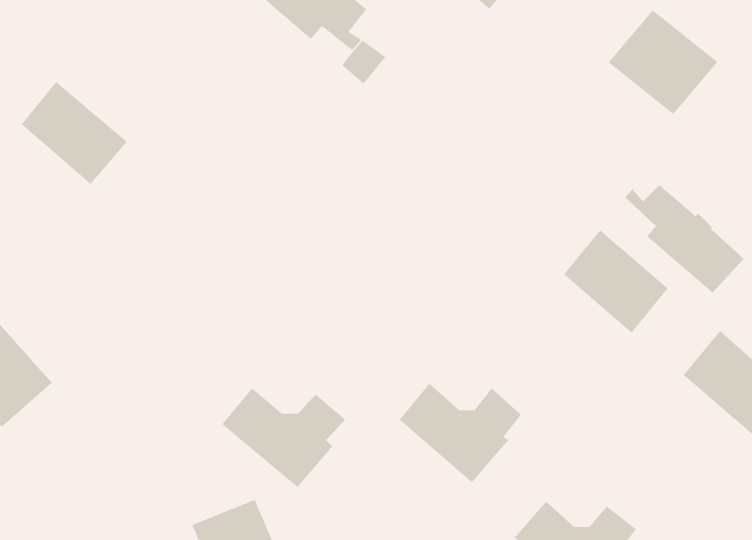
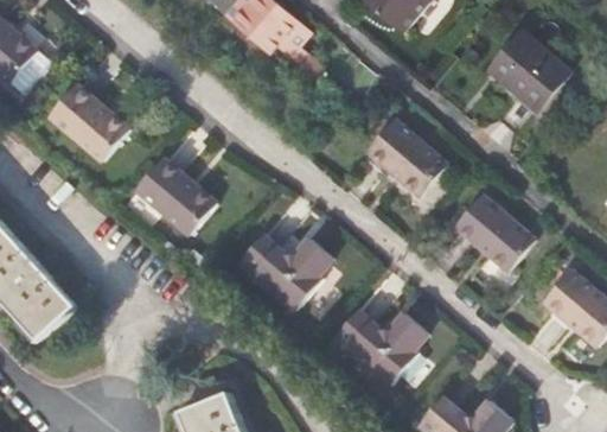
building: none -> [368,119,447,197]
building: none -> [136,159,217,236]
building: [624,184,744,293] -> none
building: [221,387,346,488] -> [238,233,331,307]

